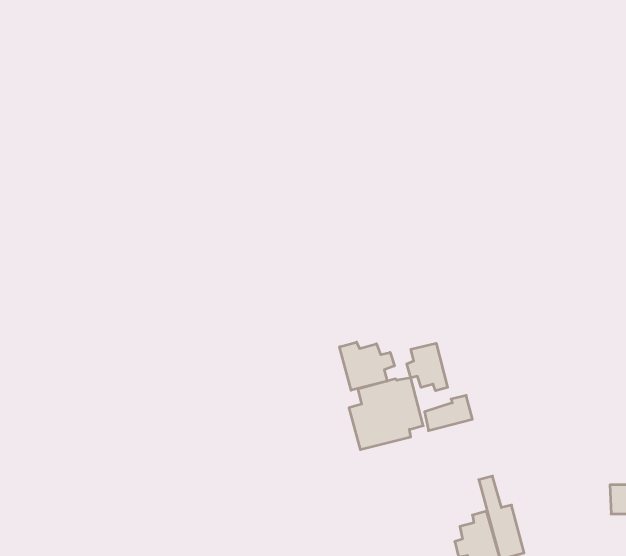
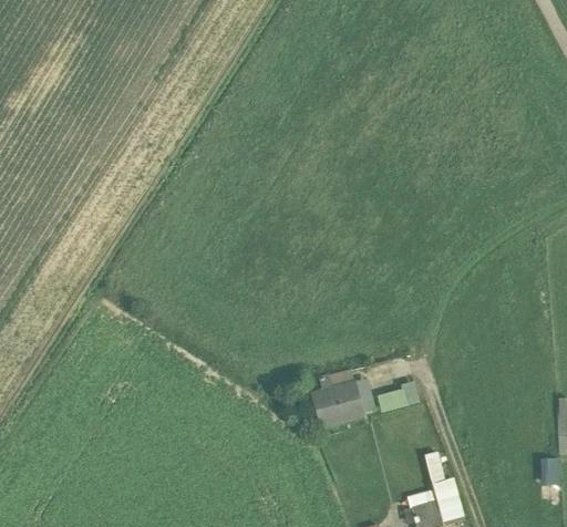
building: [340,342,394,390] -> none
building: [407,343,448,391] -> none

